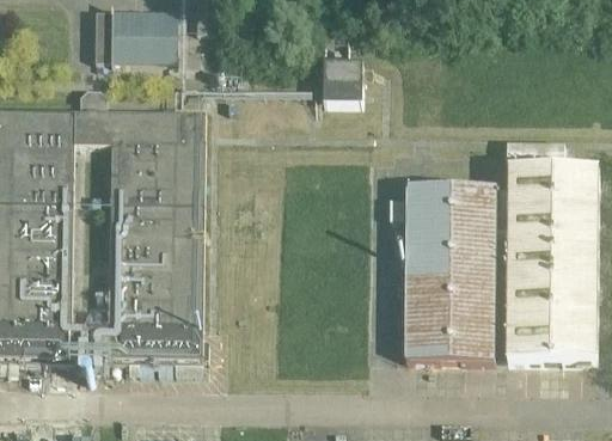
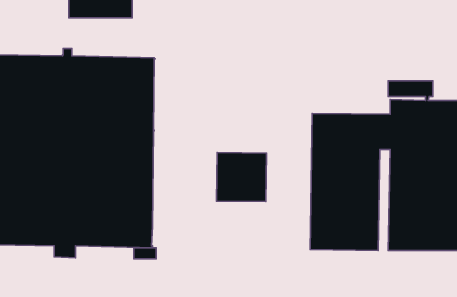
building: [324,61,362,103] -> none
building: none -> [216,153,266,202]

